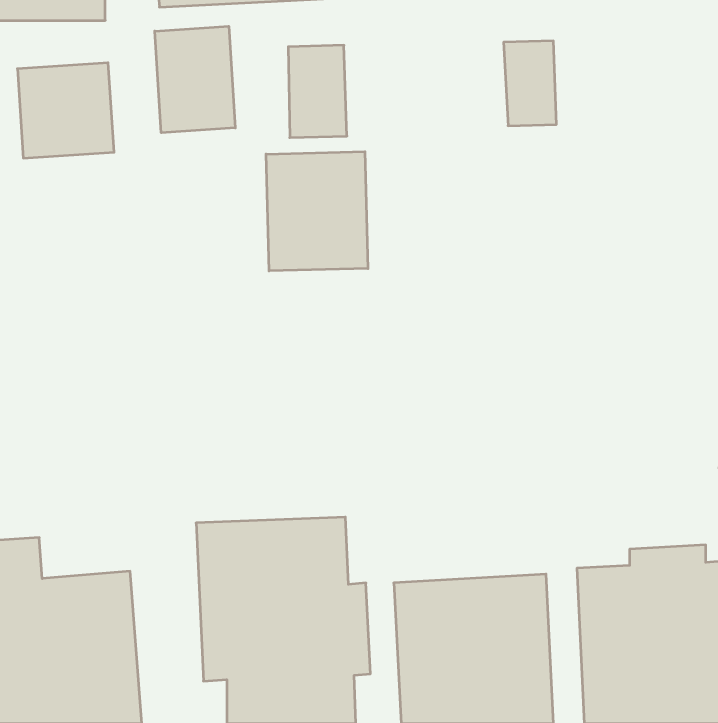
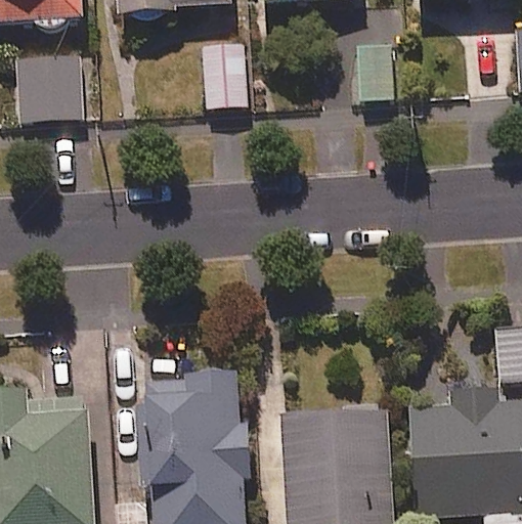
building: [155,26,235,133] -> none
building: [266,152,368,271] -> none

